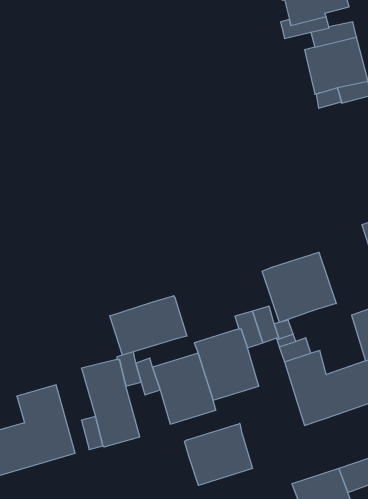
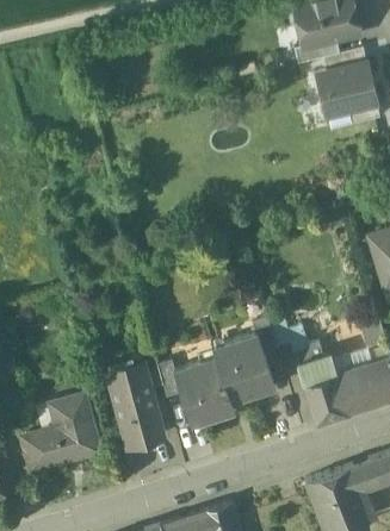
building: [262,252,336,322] -> none
building: [110,296,187,355] -> none
building: [185,423,252,485] -> none

